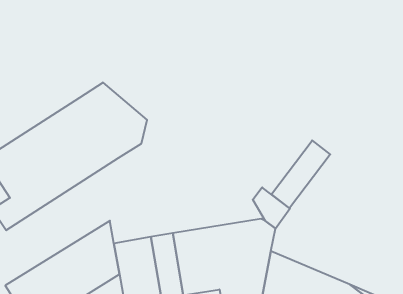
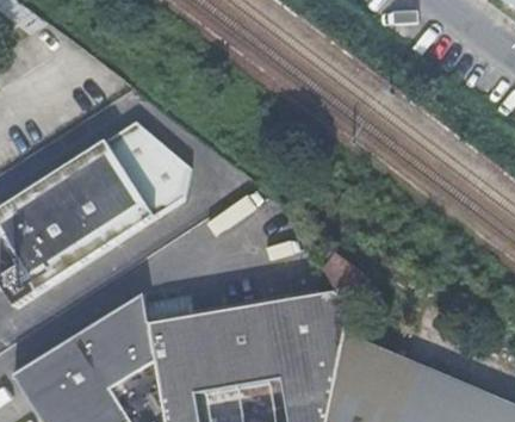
building: [271,140,330,208] -> none

